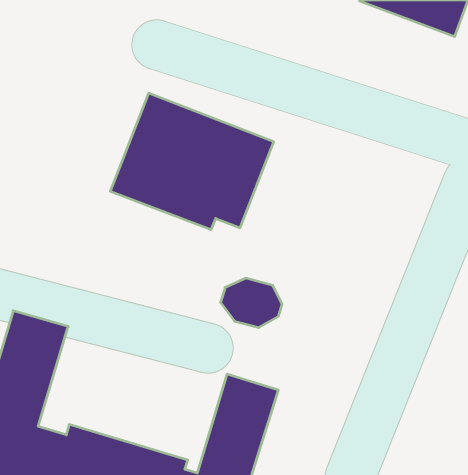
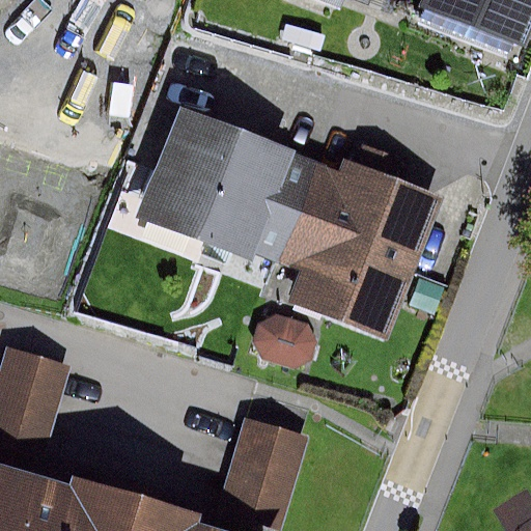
building: none -> [267,156,435,338]

